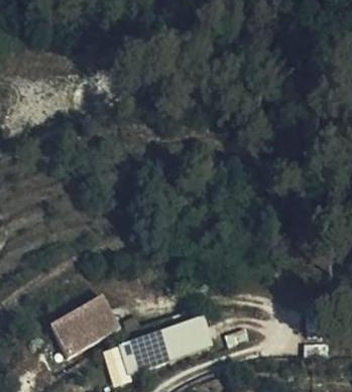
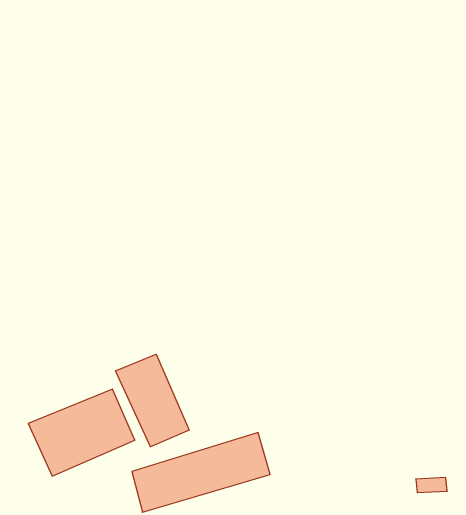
building: none -> [116,354,189,447]

